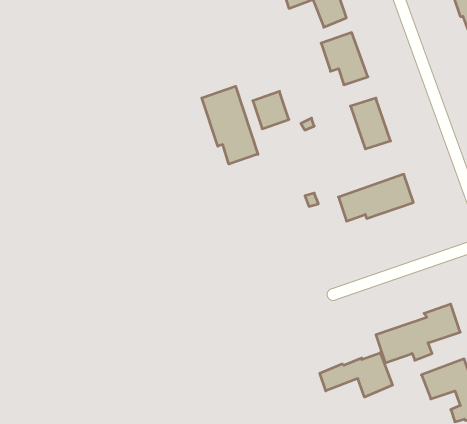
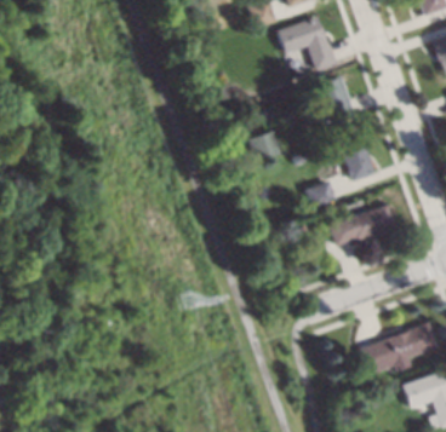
building: [202,86,258,164] -> none
building: none -> [304,179,334,207]
building: [320,353,393,397] -> none

